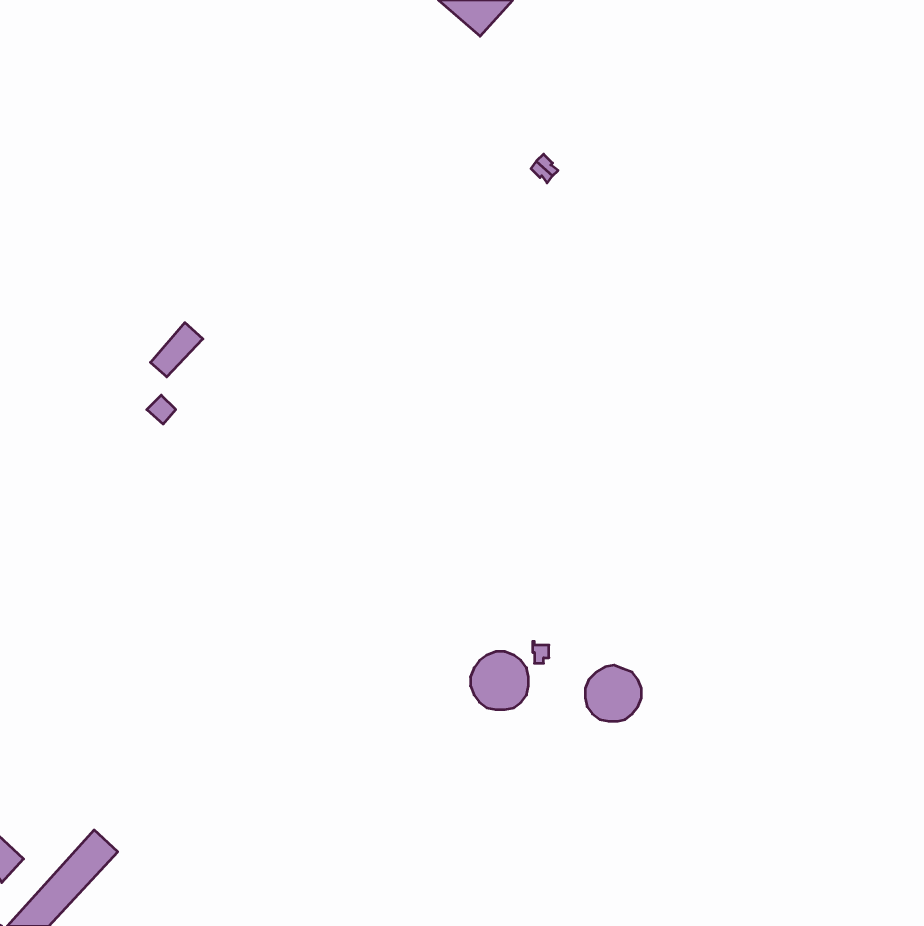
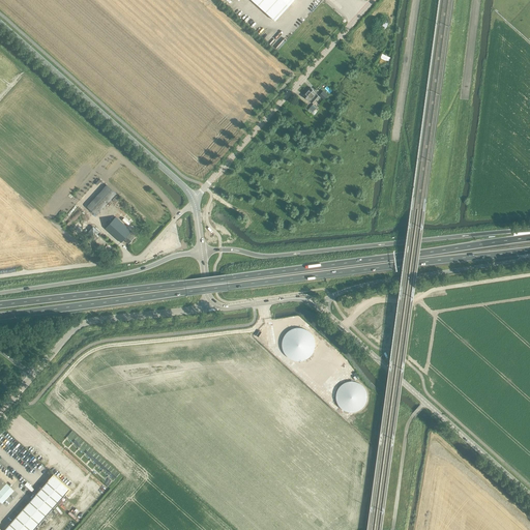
building: none -> [105,216,134,243]
building: [470,652,528,710] -> [281,327,314,360]

